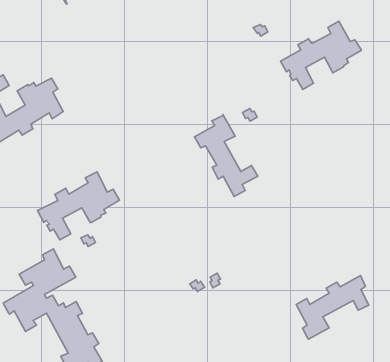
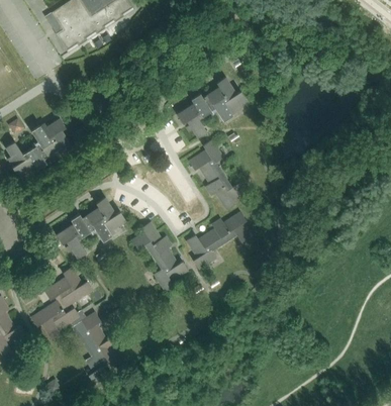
building: [280,21,361,89] -> [176,76,246,137]
building: none -> [131,221,188,292]
building: [296,276,369,339] -> [186,211,250,270]

